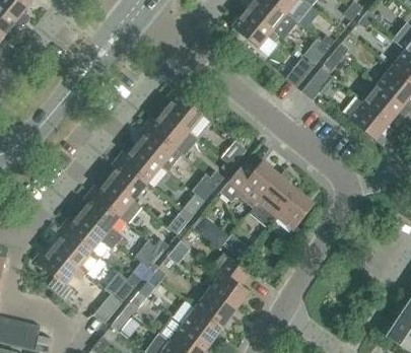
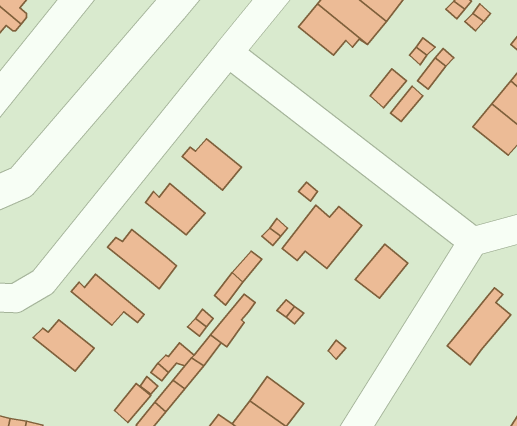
building: [162,89,203,132] -> none
building: [348,101,389,145] -> none
building: [135,124,181,170] -> none
building: [107,158,147,200] -> none
building: [249,169,296,227] -> [447,288,511,365]
building: [79,192,122,242] -> none
building: [52,225,102,276] -> none
building: [208,254,249,309] -> none

